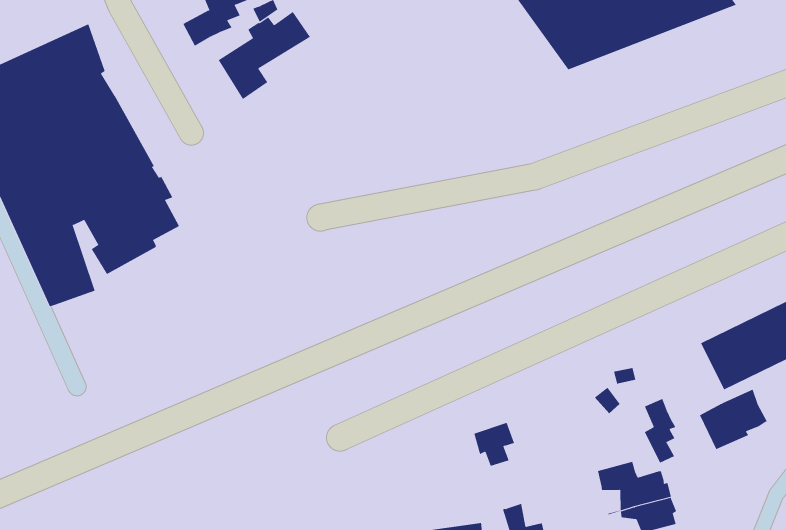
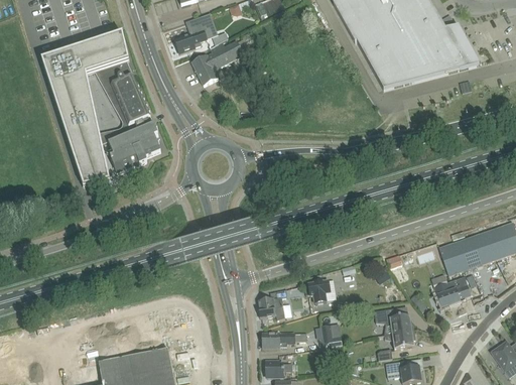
building: [644,398,676,463] -> none
building: none -> [258,289,285,318]

